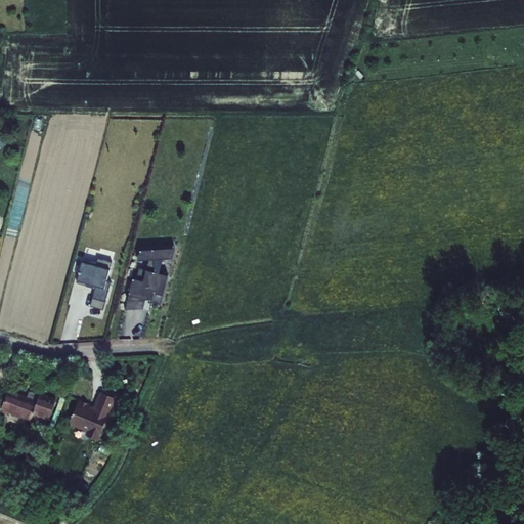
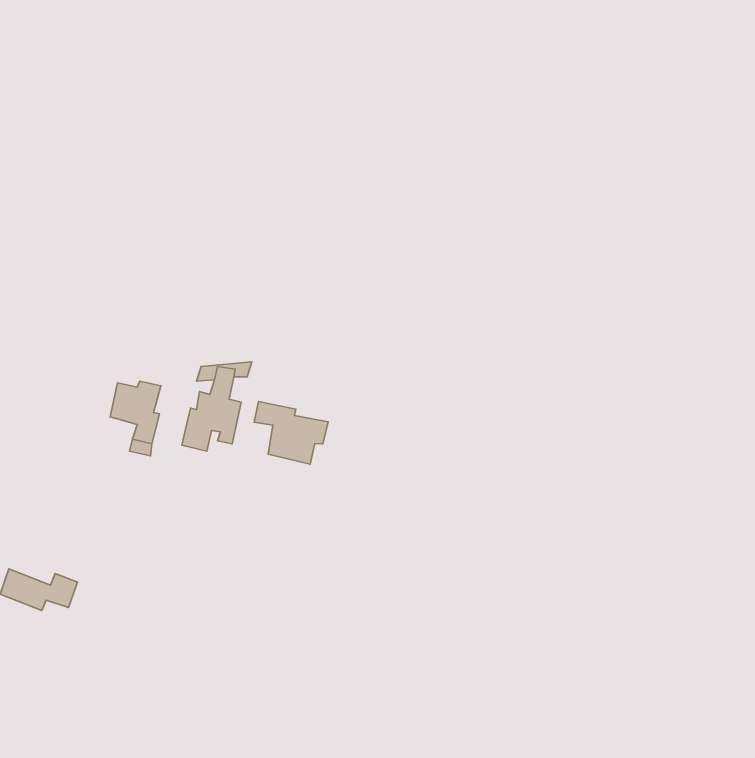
building: none -> [254,401,328,464]
building: [69,391,115,440] -> none

